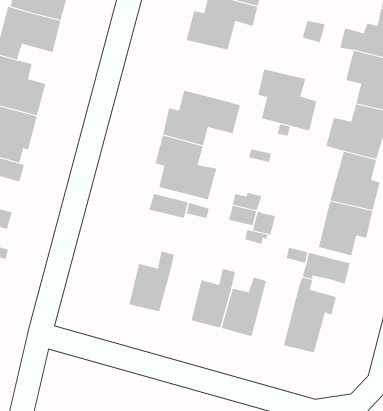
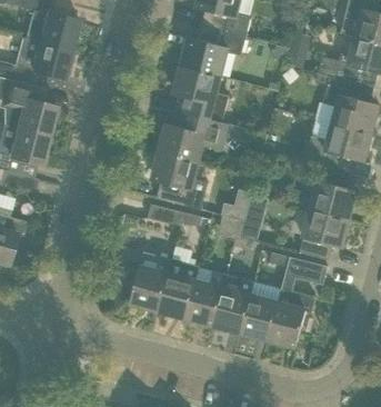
building: [257,69,317,131] -> [176,68,229,123]
building: none -> [158,264,199,318]
building: none -> [240,280,281,340]

